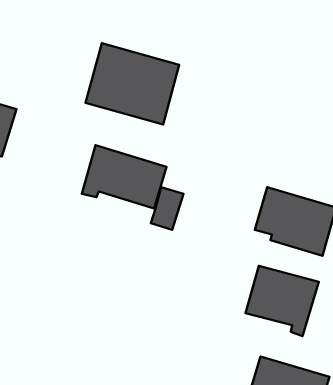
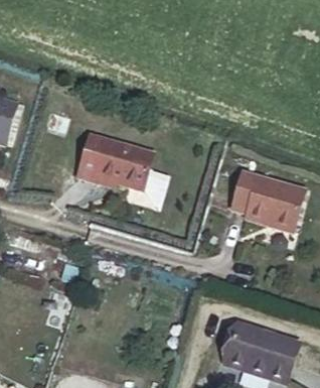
building: [86,43,179,124] -> none
building: [246,266,319,336] -> none

